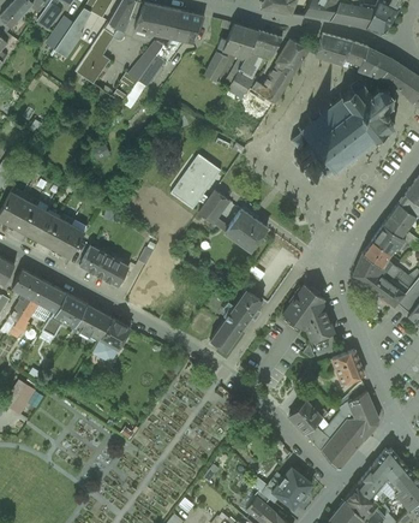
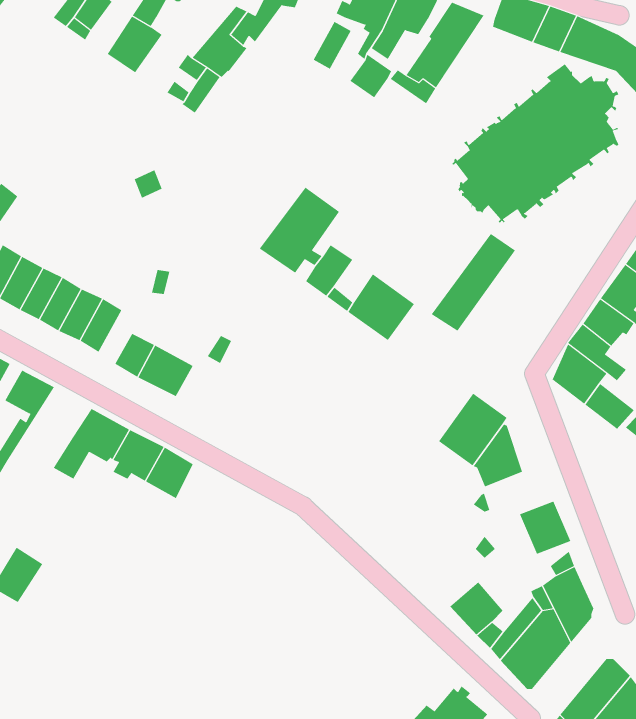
building: [14,280,66,332] -> none
building: [210,290,263,351] -> [431,233,516,331]

